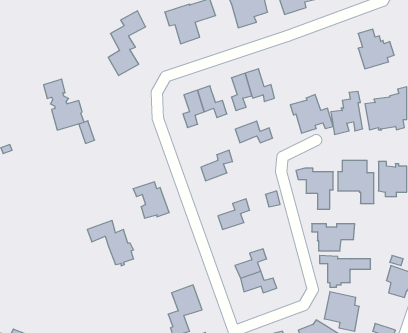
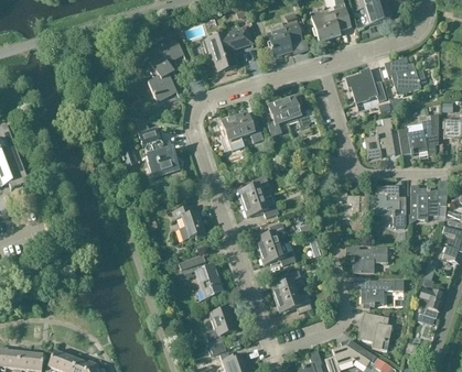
building: [44,79,84,130] -> [138,128,178,177]
building: [290,95,333,133] -> [344,68,386,106]
building: [235,121,273,143] -> [241,197,278,218]
building: none -> [258,243,294,266]
building: [87,220,134,266] -> [178,255,223,299]

